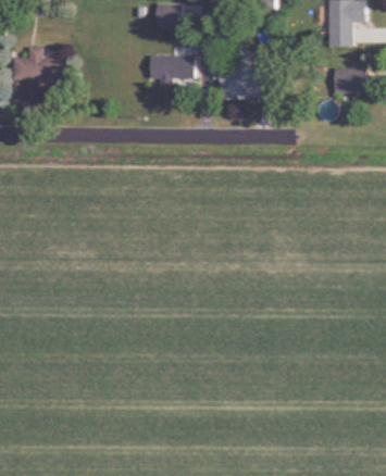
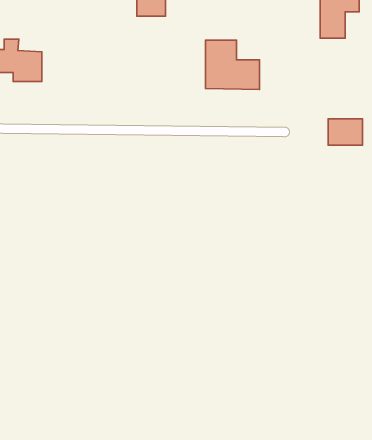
building: [149,55,194,78] -> none
building: [334,68,366,93] -> [328,119,363,145]

